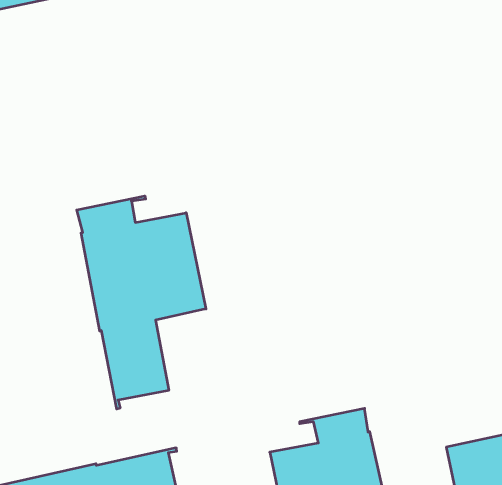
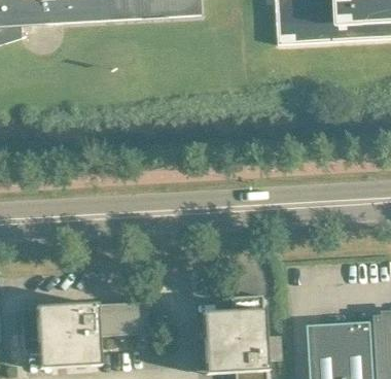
building: [77,196,206,409] -> none

